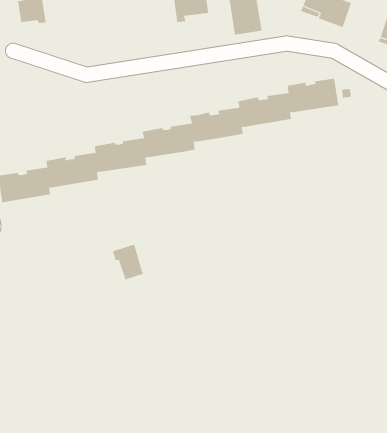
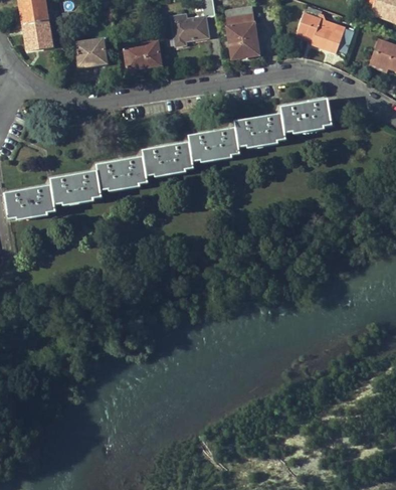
building: none -> [75,39,106,67]
building: none -> [124,42,160,69]
building: [112,244,144,280] -> none

